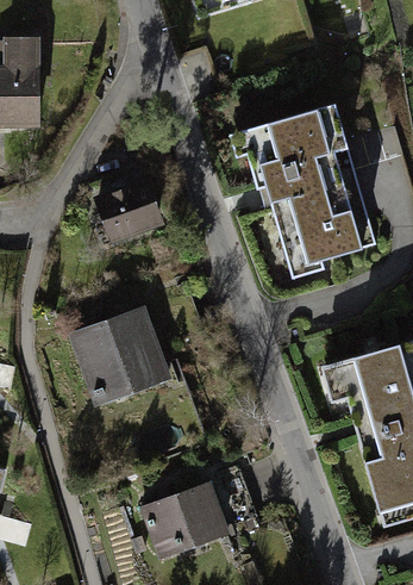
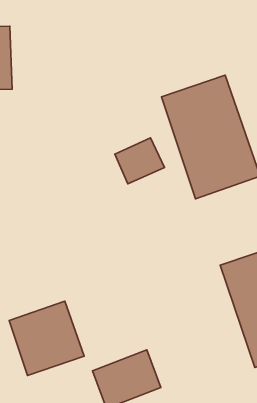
building: [88,181,156,244] -> [115,138,164,184]
building: [79,303,181,404] -> [9,301,84,375]

